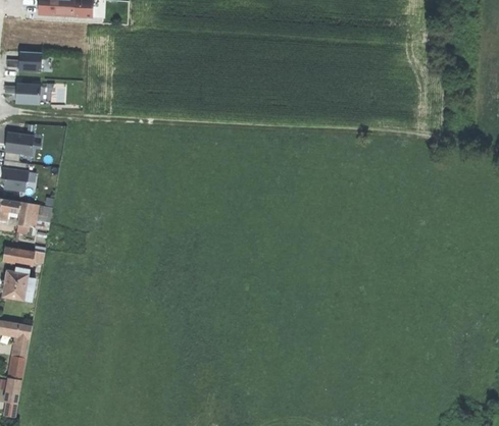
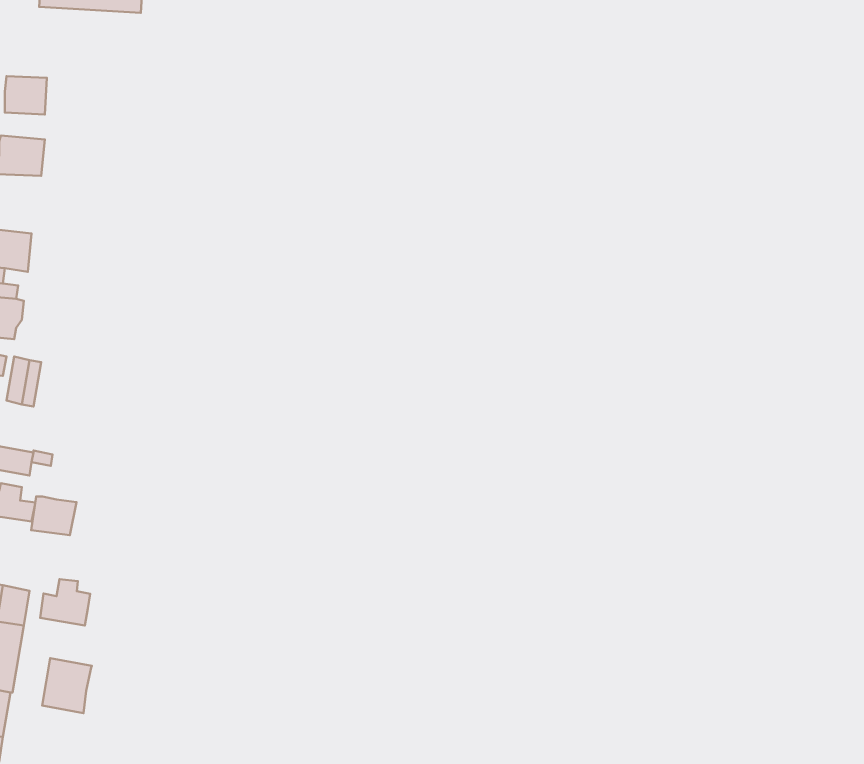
building: none -> [31,496,77,535]
building: none -> [40,579,90,625]
building: none -> [42,658,92,713]

